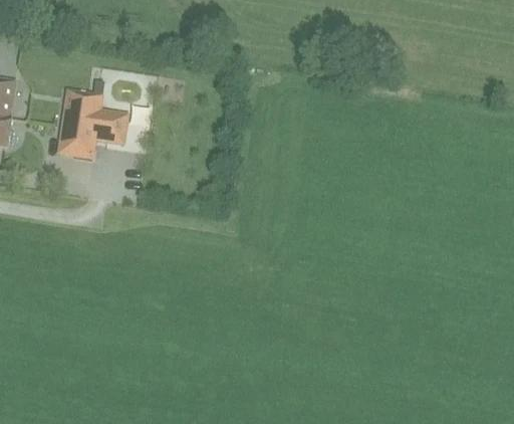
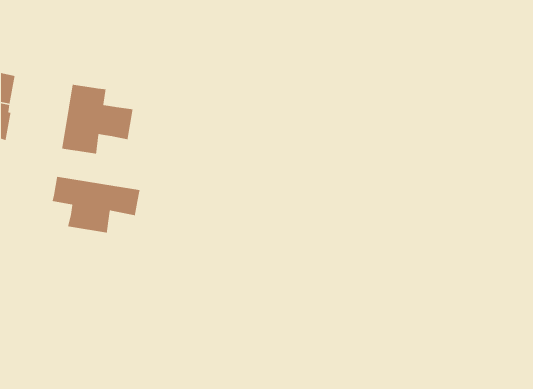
building: none -> [52,176,141,233]

